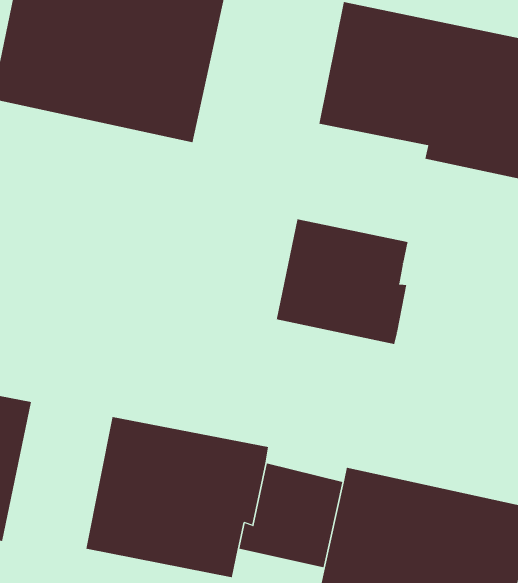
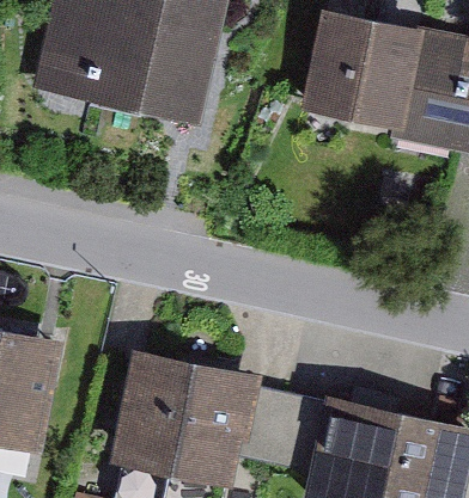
building: [276,219,408,345] -> none

